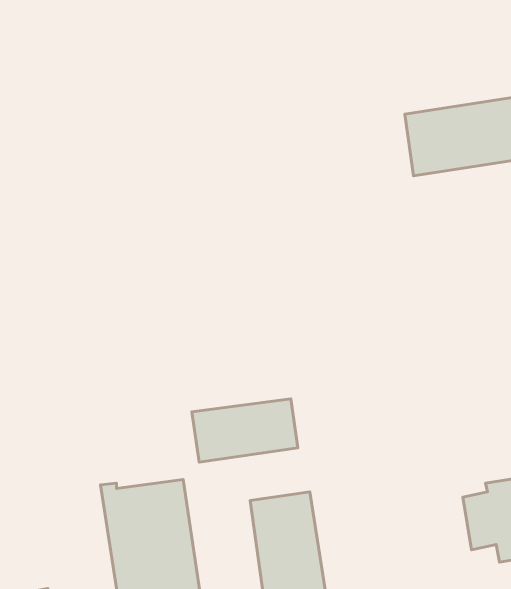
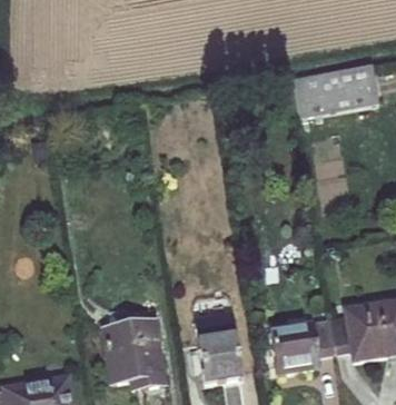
building: [192,399,298,462] -> none
building: none -> [268,319,335,372]

